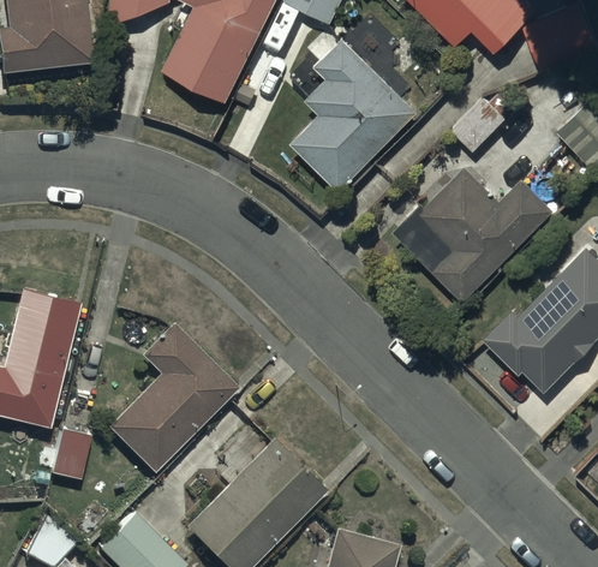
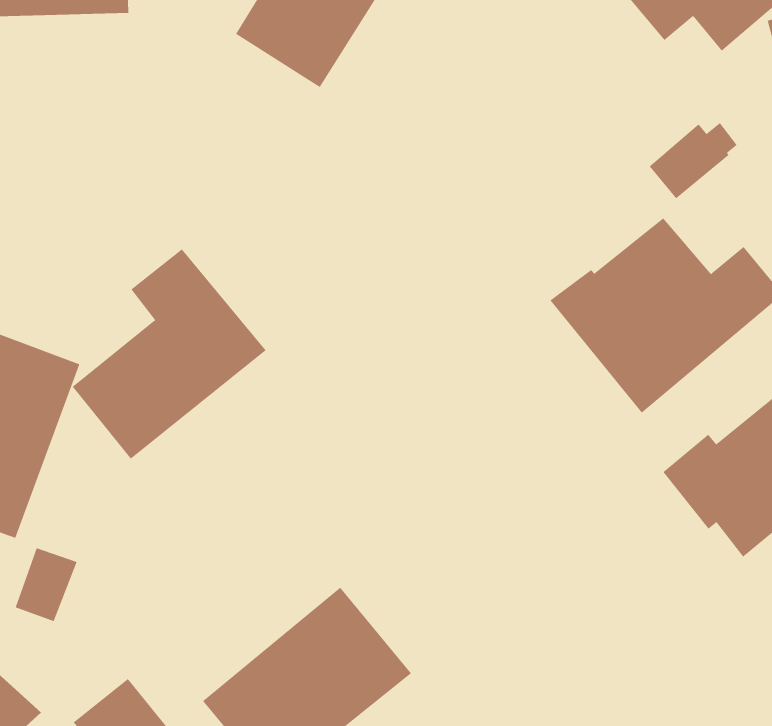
building: [292,38,418,190] -> none
building: [108,324,238,471] -> [72,249,266,459]

